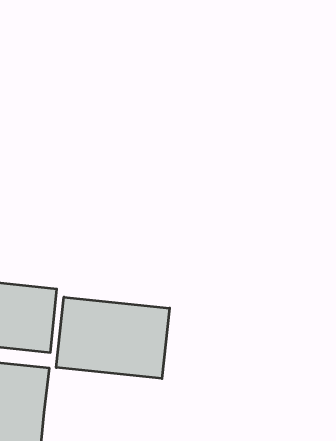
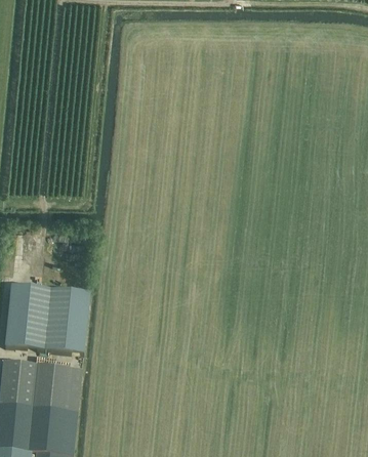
building: [56,297,170,379] -> none

